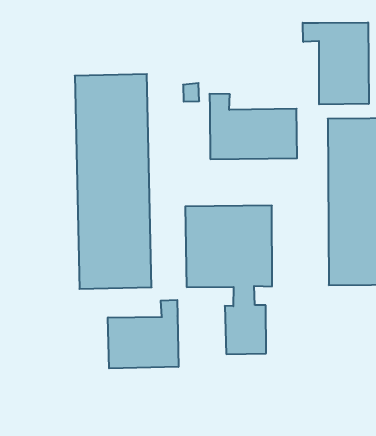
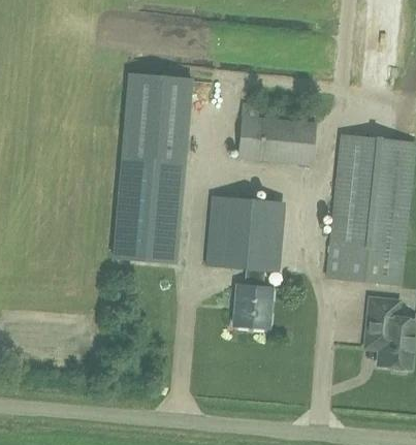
building: [303,22,369,104] -> none
building: [108,300,178,368] -> none

